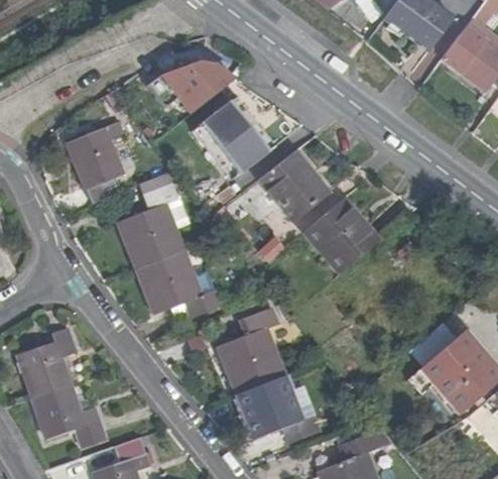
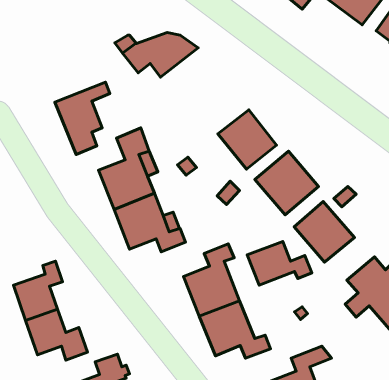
building: [192,94,272,176] -> none
building: none -> [294,202,354,262]
building: none -> [247,241,312,285]

